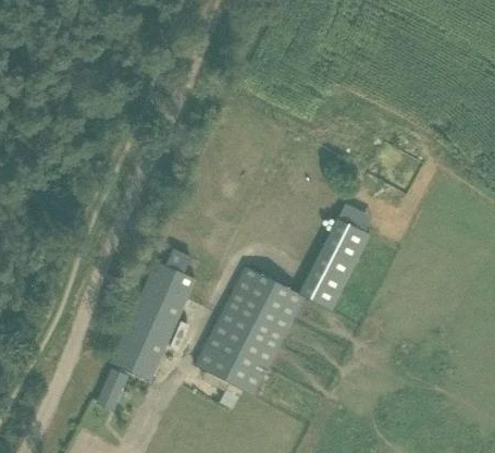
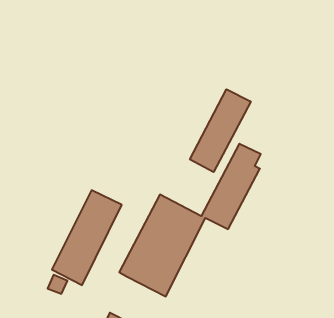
building: none -> [190,89,251,172]

